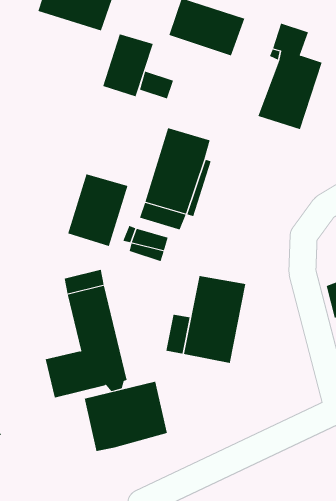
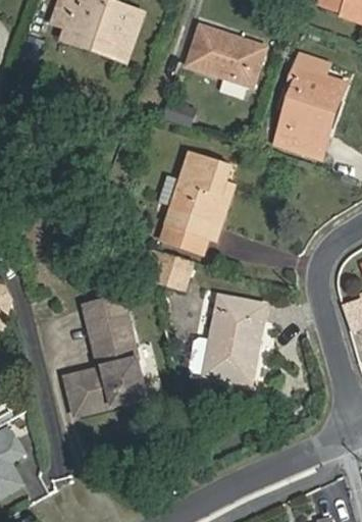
building: [102,33,153,97] -> none
building: [68,174,128,247] -> none
building: [84,381,168,452] -> none

